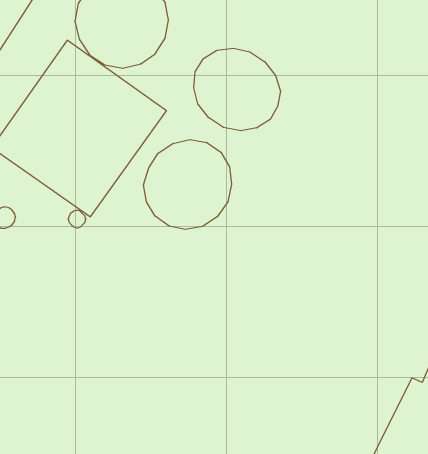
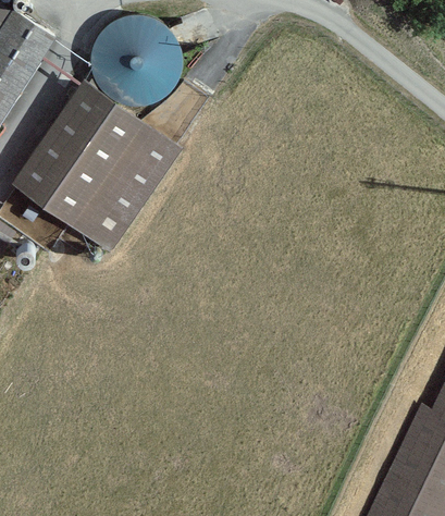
building: [194,48,280,131] -> none
building: [144,140,232,229] -> none

